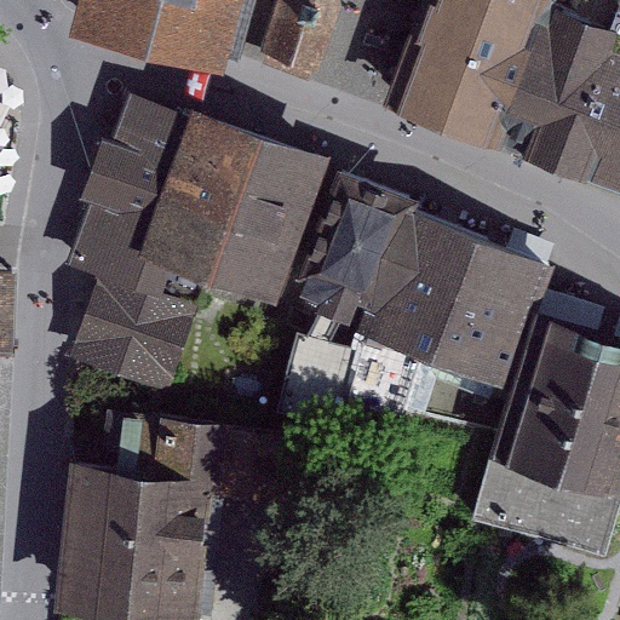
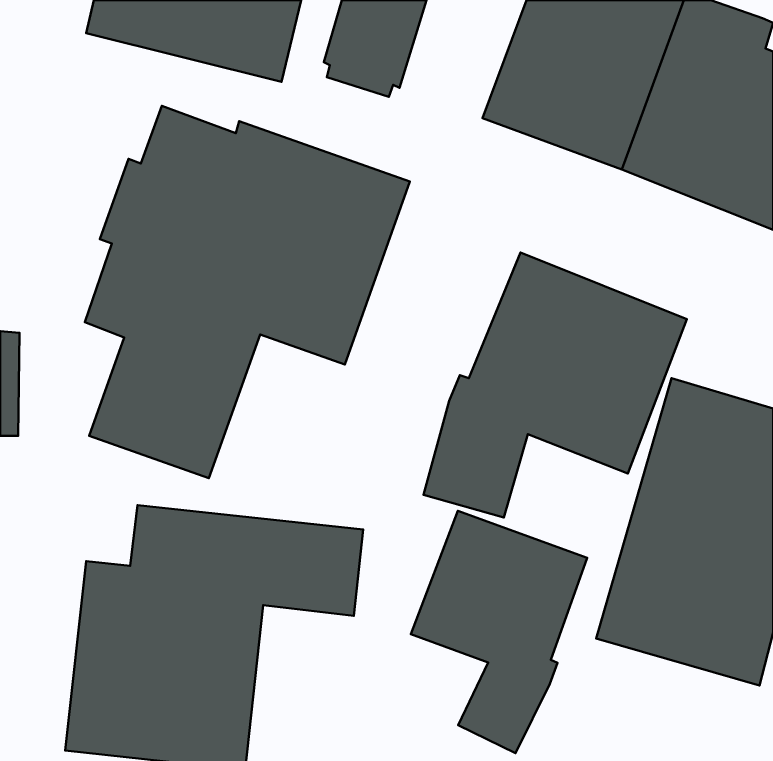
building: [279,168,420,424] -> none
building: none -> [411,511,587,753]

